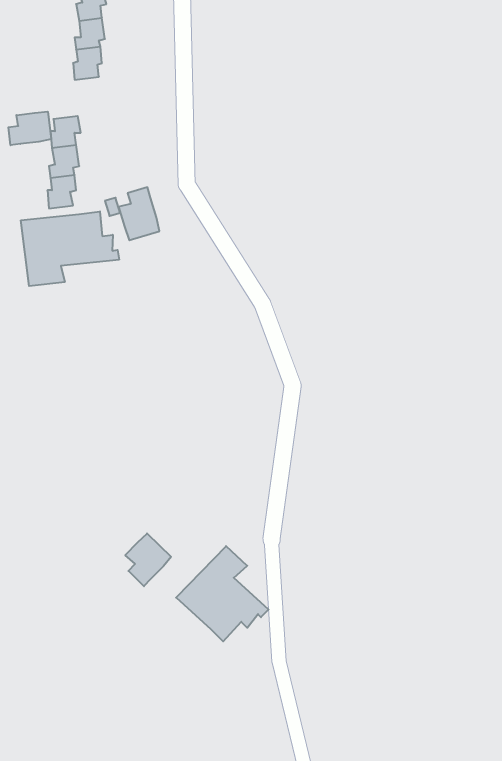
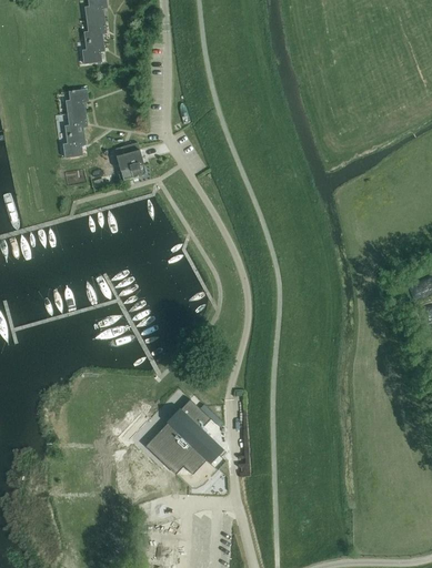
building: [8,112,51,145] -> none
building: [21,211,119,286] -> none
building: [125,533,171,586] -> none

